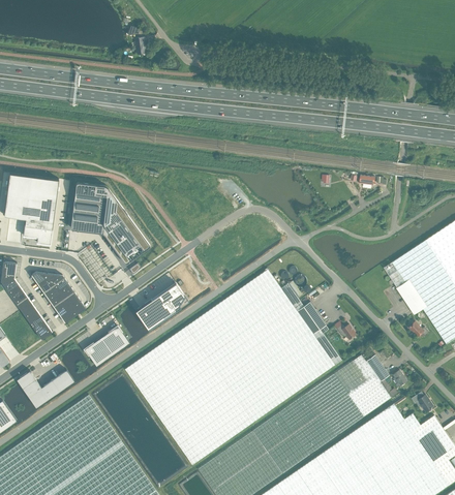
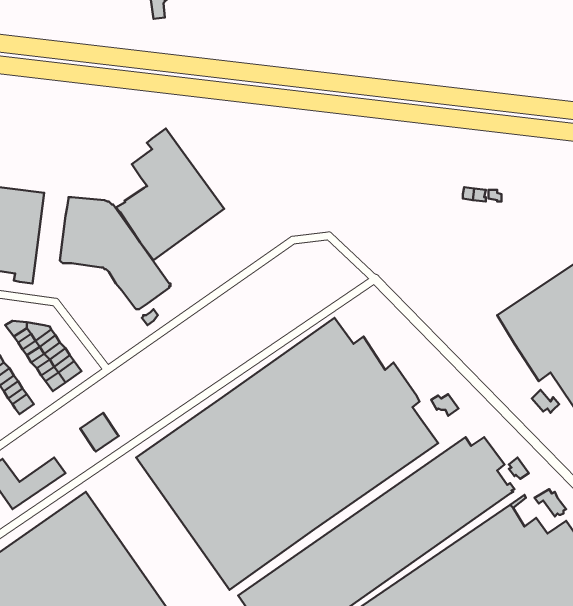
building: none -> [116,129,224,260]
building: [134,283,188,330] -> none
building: [100,327,128,354] -> none

